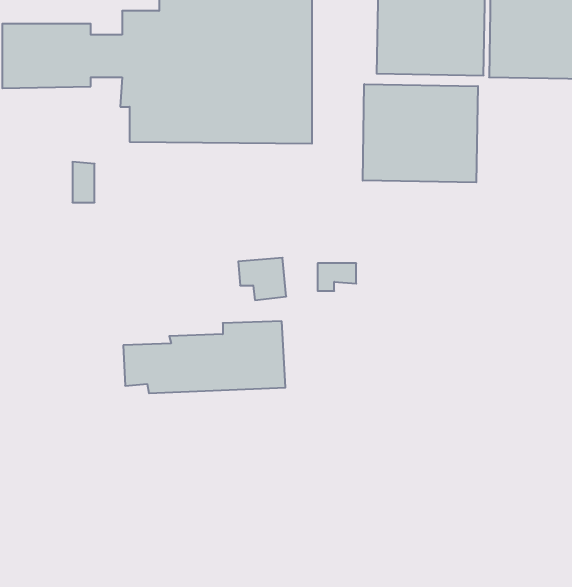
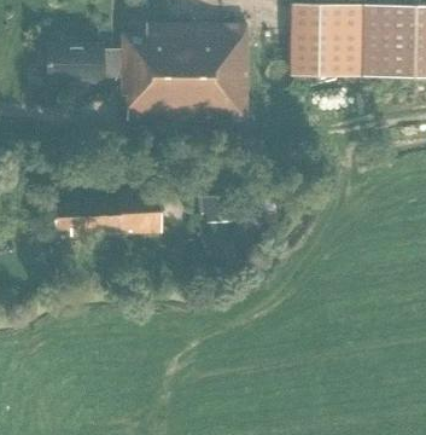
building: [363,84,478,182] -> none
building: [123,321,285,393] -> [57,190,163,237]

